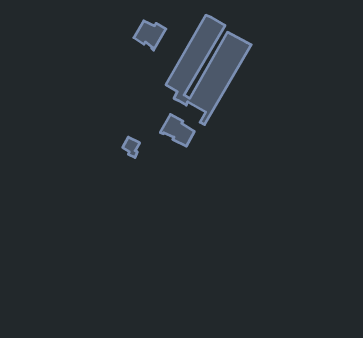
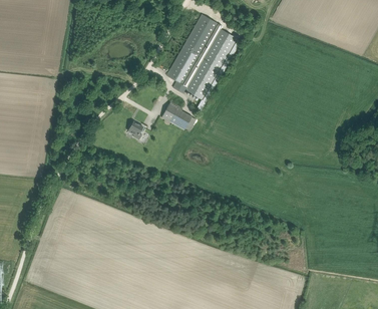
building: [134,21,166,50] -> none

